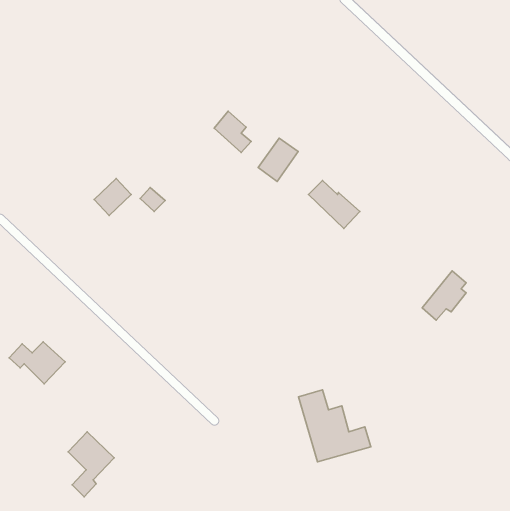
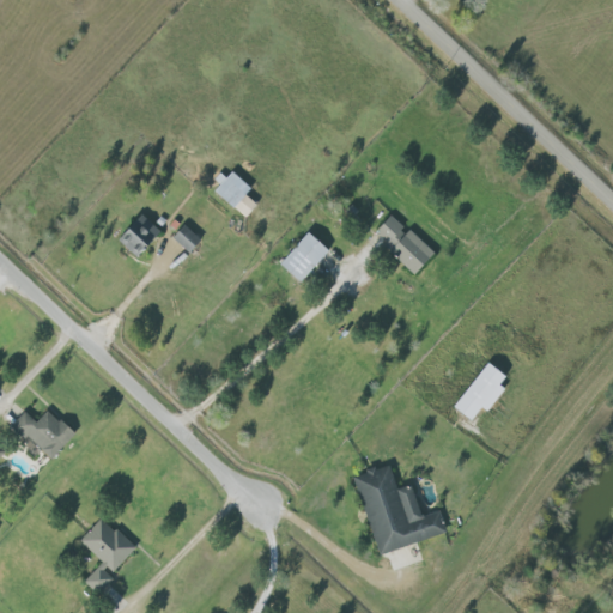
building: [214,111,251,152] -> [211,169,255,218]
building: [258,138,298,181] -> [278,232,326,284]
building: [422,271,466,320] -> [450,363,503,421]

